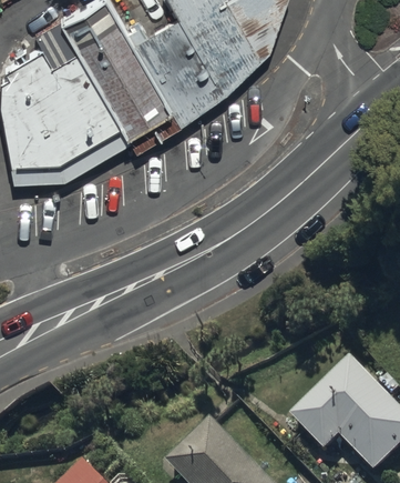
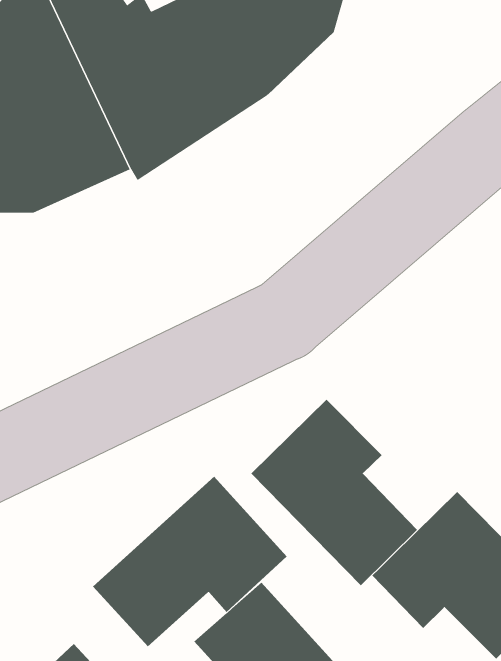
building: none -> [251,399,418,586]
building: none -> [92,476,288,647]

